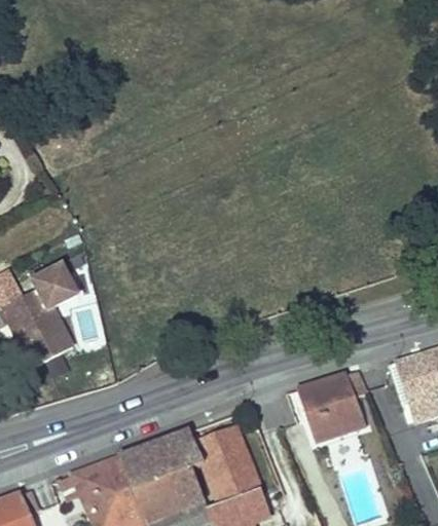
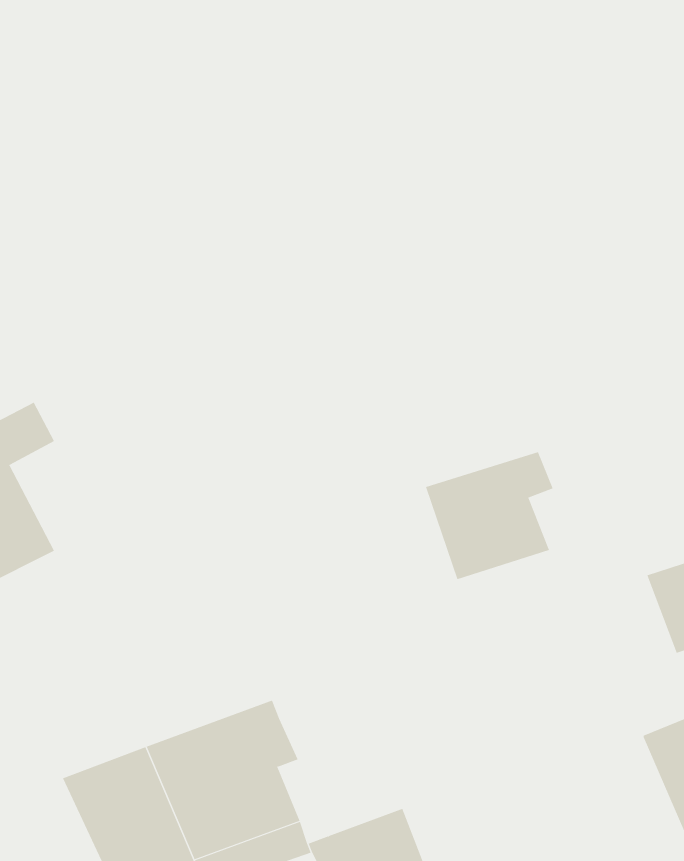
building: [297,371,368,442] -> [425,451,553,580]
building: [192,425,260,506] -> none

